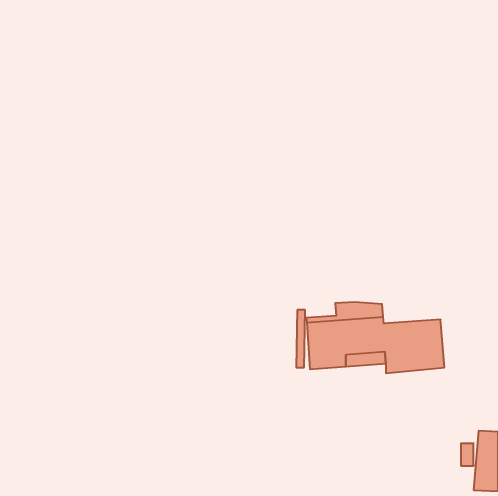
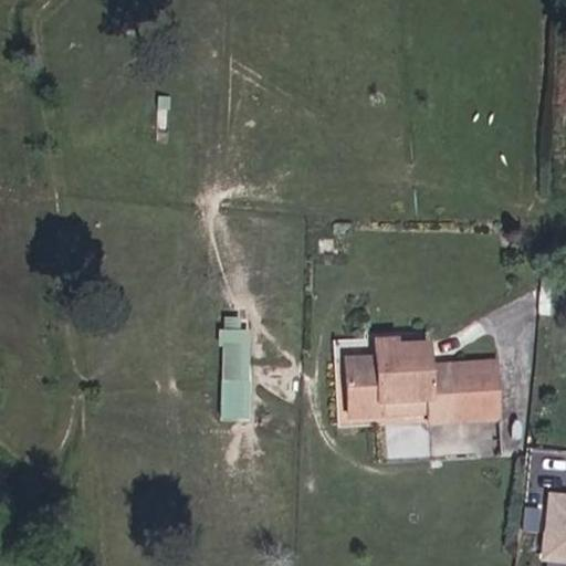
building: none -> [220,313,253,416]

